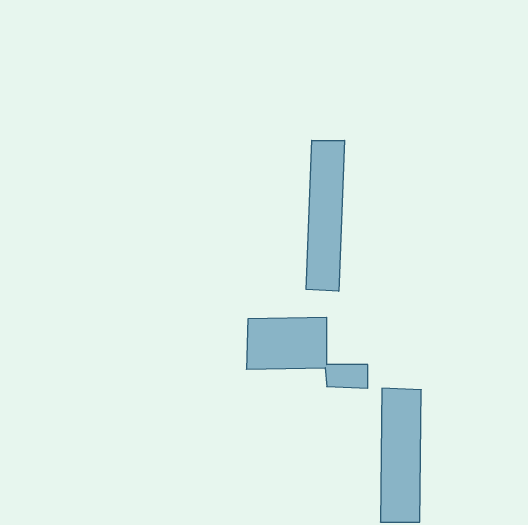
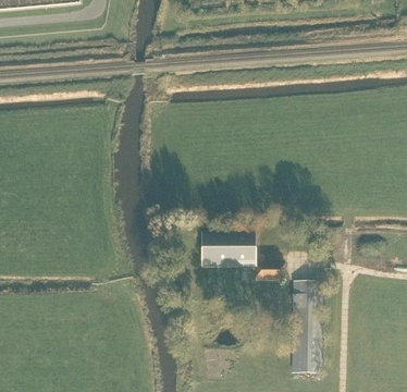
building: [306,140,345,291] -> none

